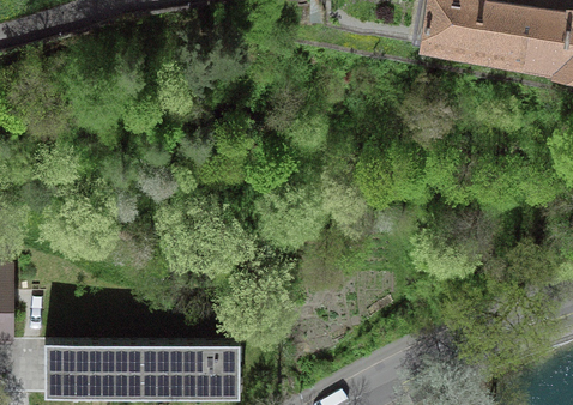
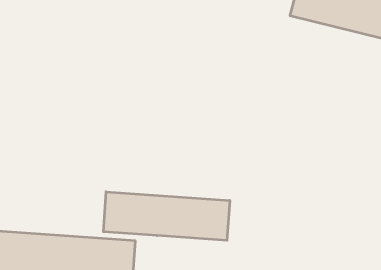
building: none -> [103,192,230,240]

